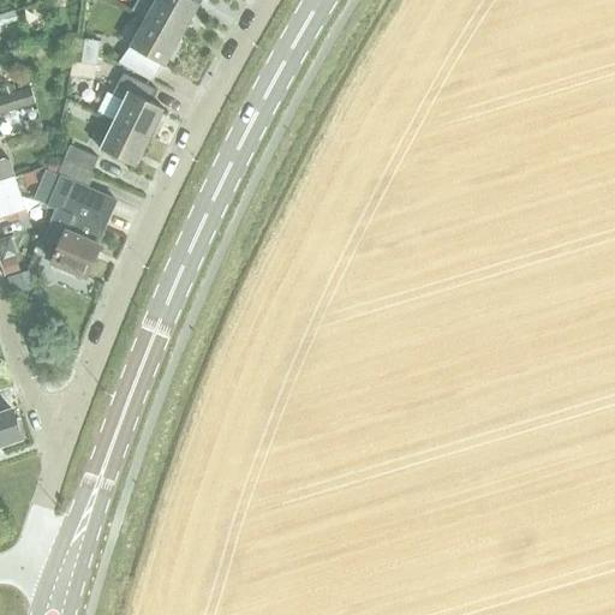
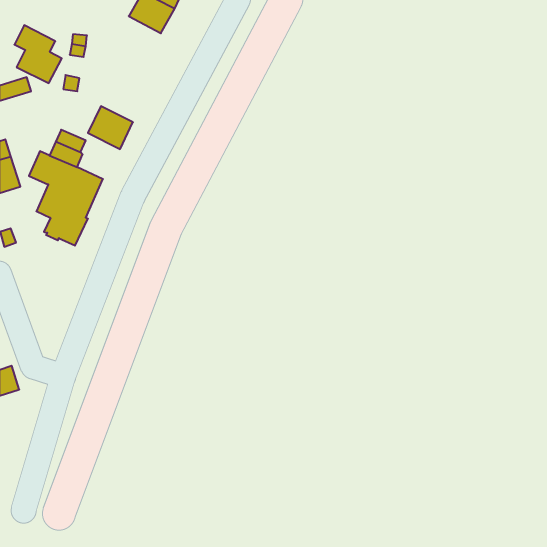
building: [118,18,180,82] -> none
building: [111,72,163,137] -> [14,25,62,83]

